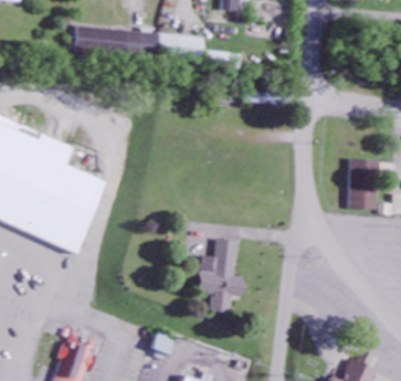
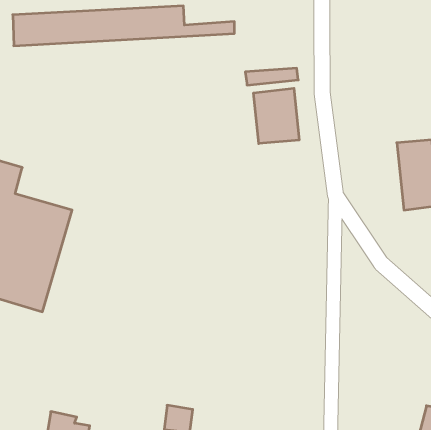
building: none -> [254,88,299,144]
building: [192,240,240,313] -> none

